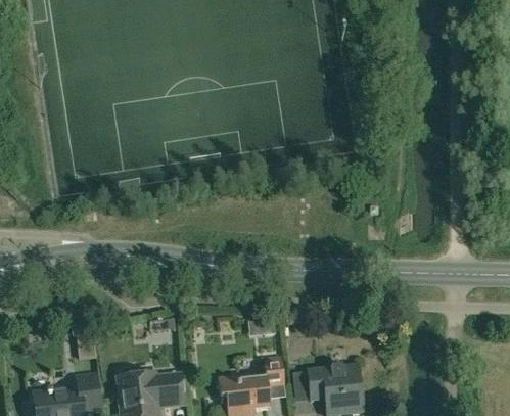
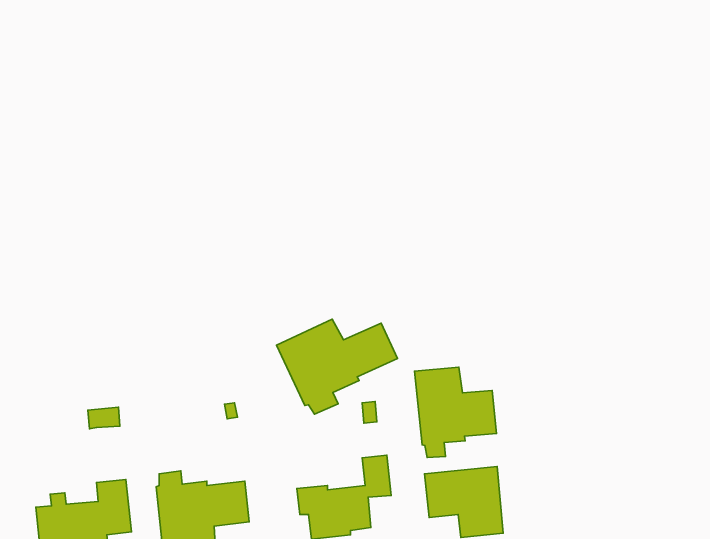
building: none -> [276,319,398,414]
building: none -> [415,367,496,458]

